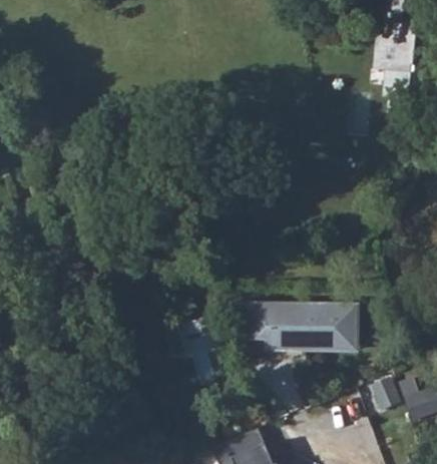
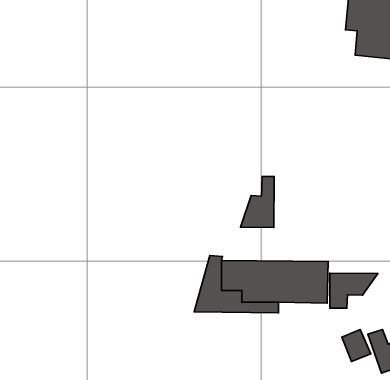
building: none -> [240,176,274,227]
building: none -> [330,273,378,308]

